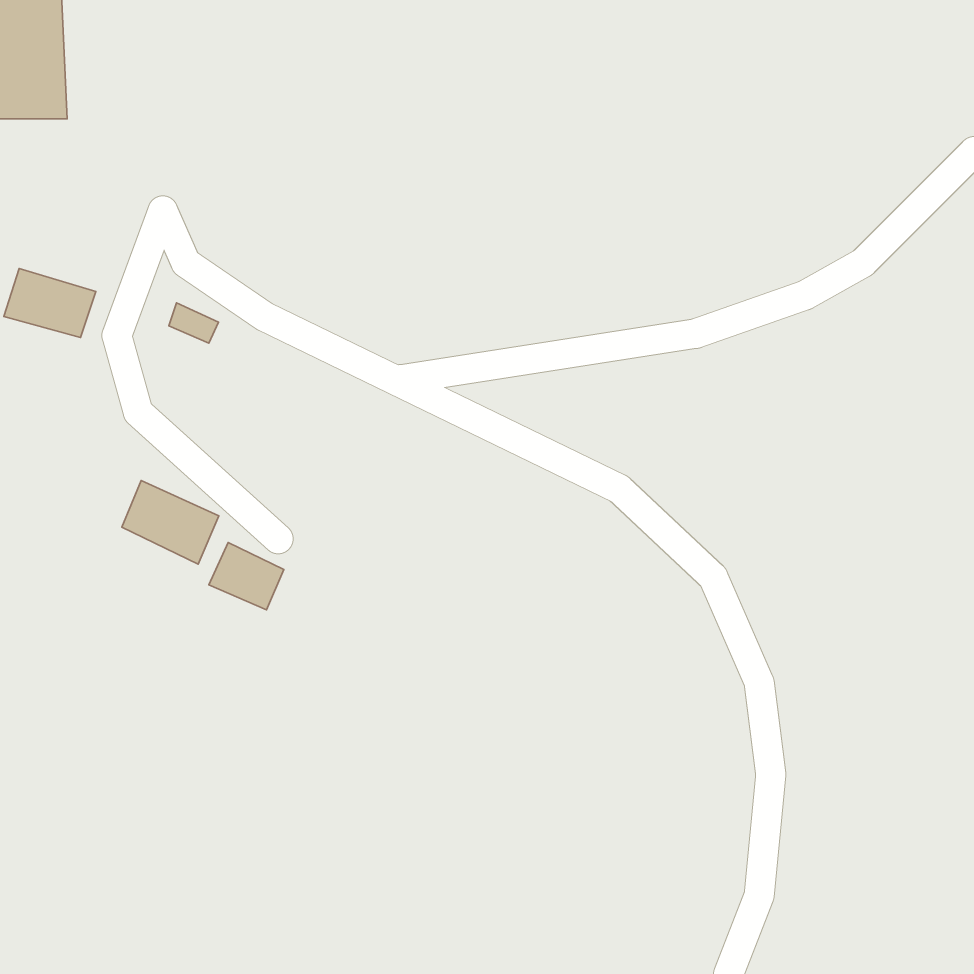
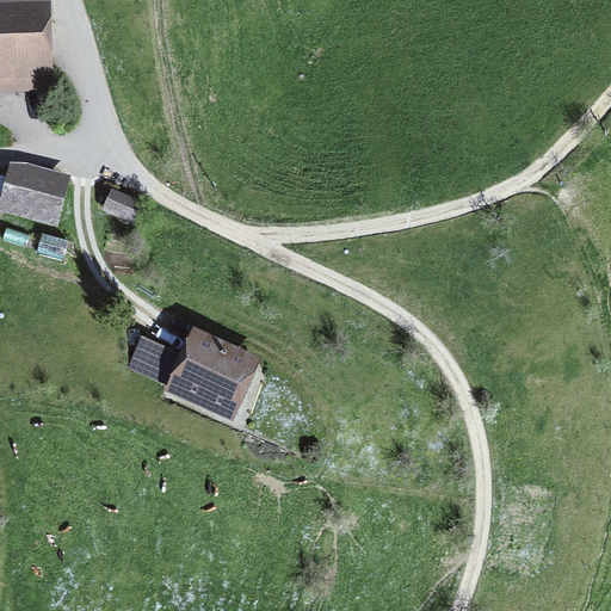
building: [122,481,219,564] -> none
building: none -> [174,338,246,407]

